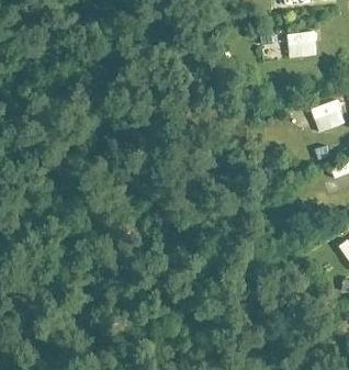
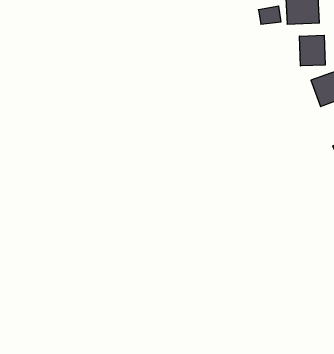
building: none -> [300,35,325,66]

